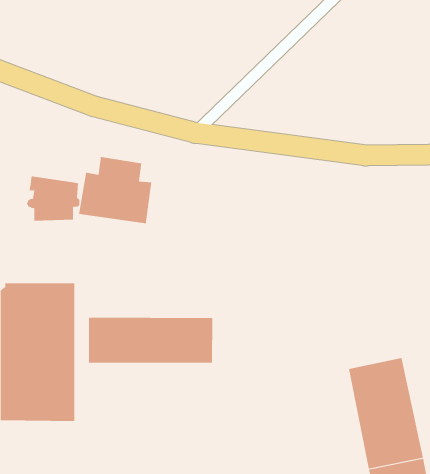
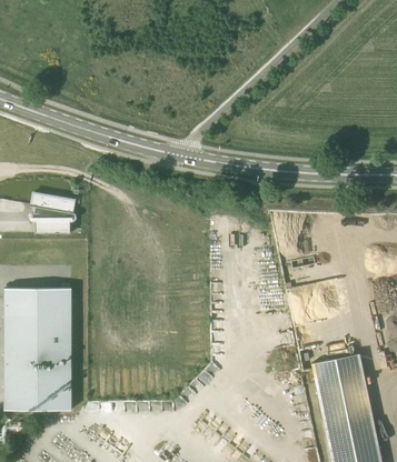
building: [79,156,152,224] -> none
building: [88,317,213,363] -> none

